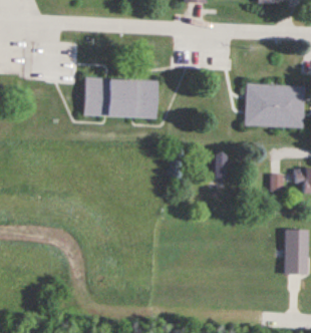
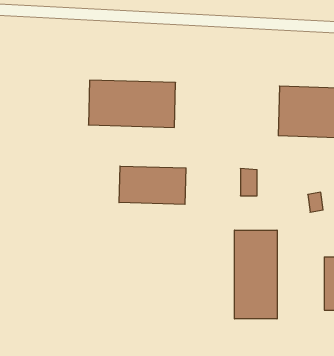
building: none -> [119,166,186,204]
building: none -> [235,230,277,319]

